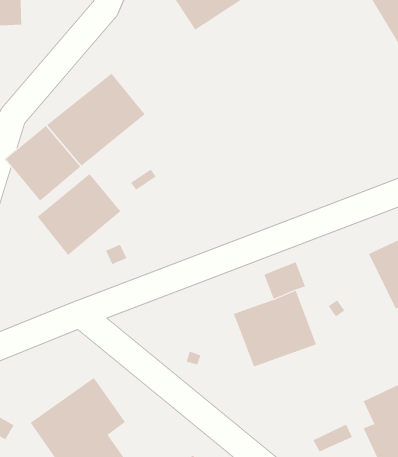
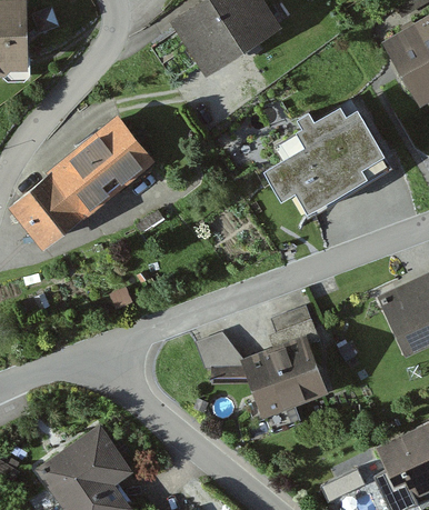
building: none -> [271,101,389,206]
building: [37,173,121,256] -> none
building: none -> [196,337,243,372]

